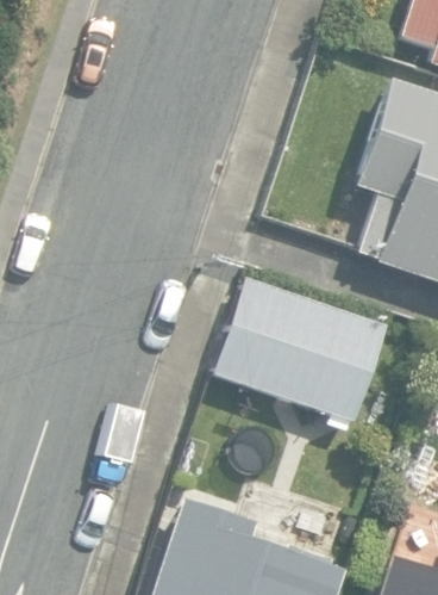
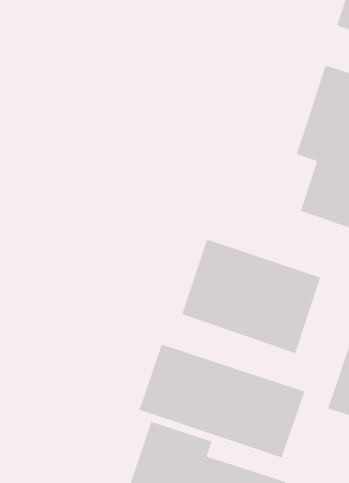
building: none -> [139,344,306,459]

